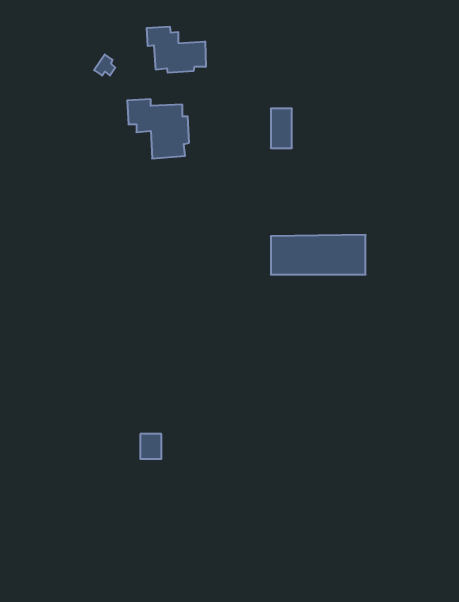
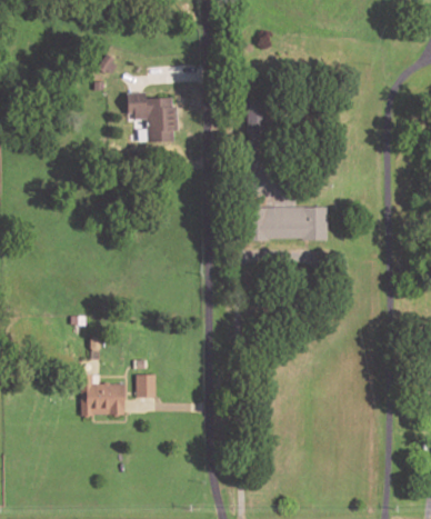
building: [147,27,206,73] -> none
building: none -> [82,375,124,415]

